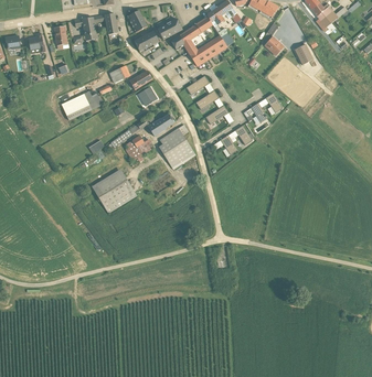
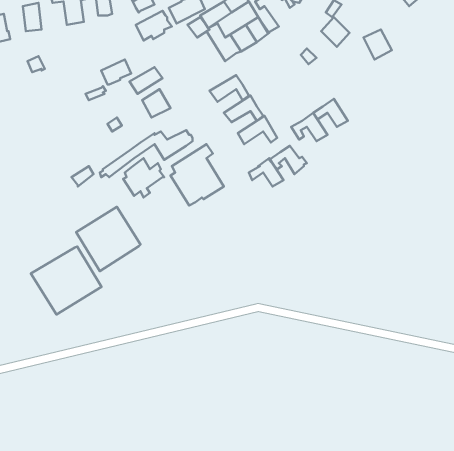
building: [61,90,103,120] -> none
building: none -> [31,247,102,314]

